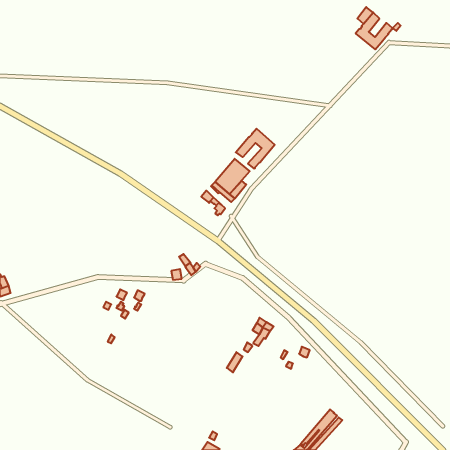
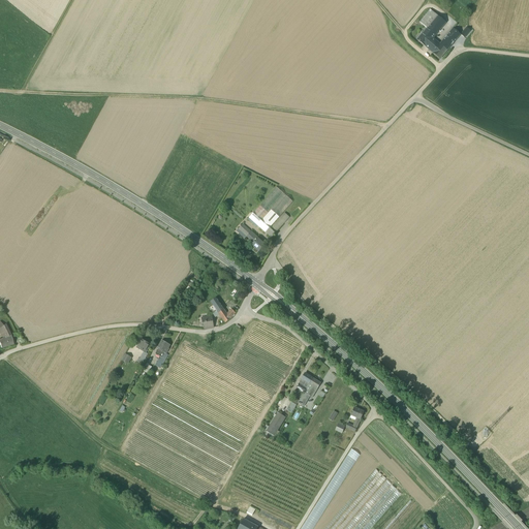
building: [236,129,275,169] -> none

